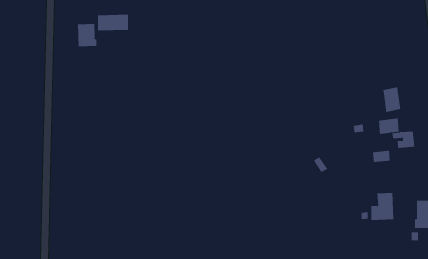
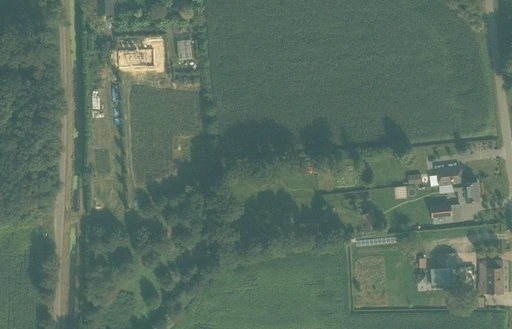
building: [78,23,97,47] -> none
building: [383,86,401,113] -> none

